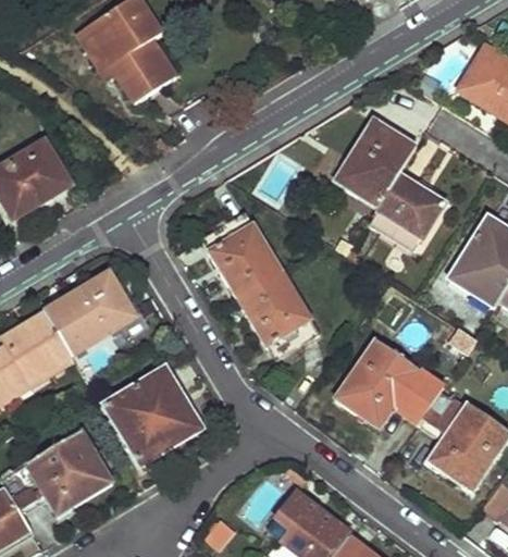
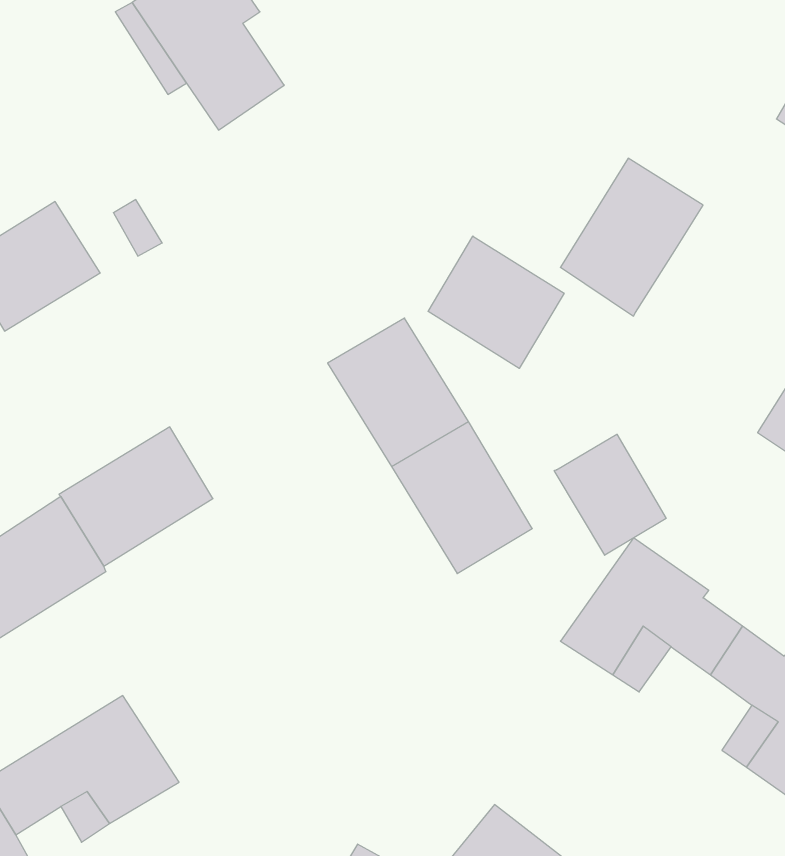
building: none -> [428,236,564,368]
building: [377,171,446,238] -> none
building: none -> [554,434,666,555]
building: [104,366,201,463] -> none

